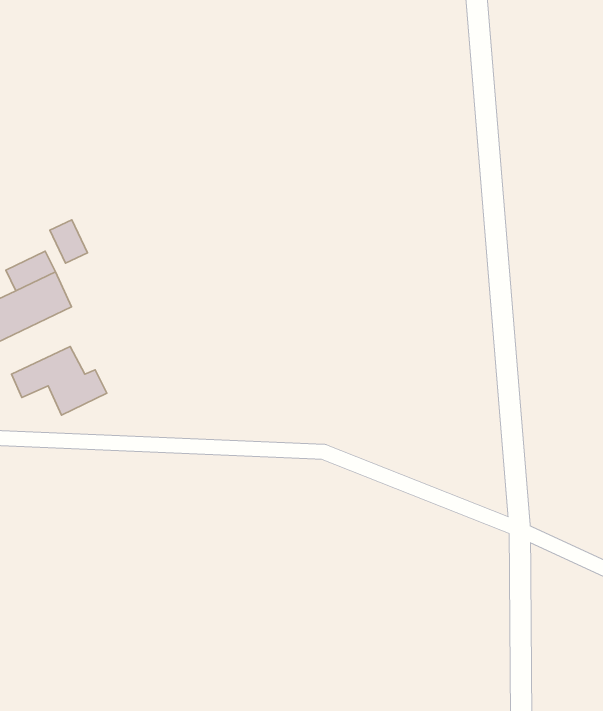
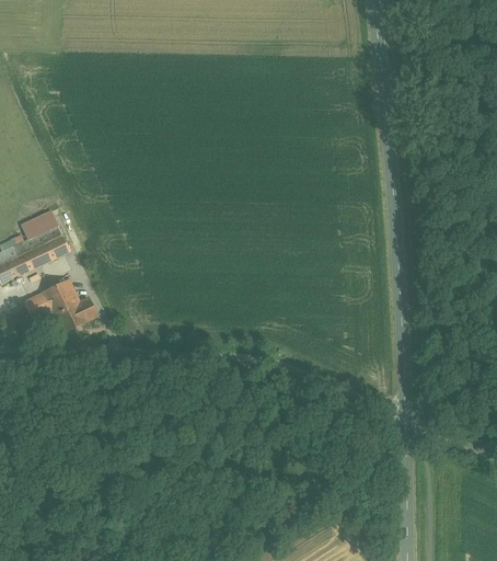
building: [50,220,88,263] -> none

